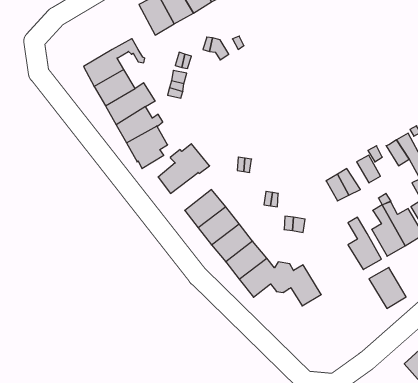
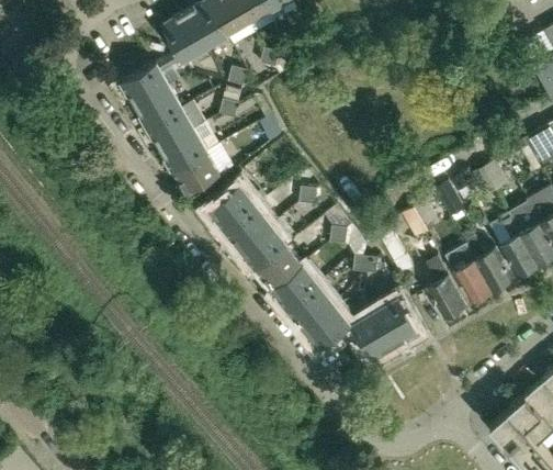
building: none -> [163,11,205,63]
building: none -> [223,204,270,248]
building: [369,267,406,308] -> [375,298,418,345]

